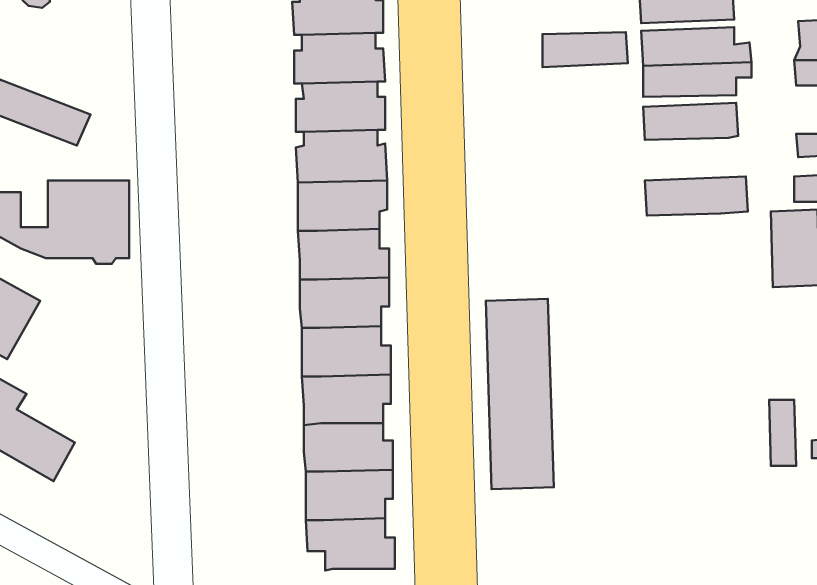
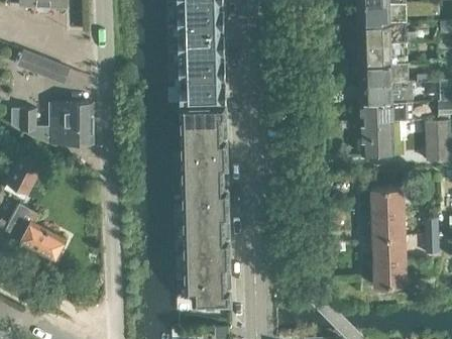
building: [543,32,628,67] -> [360,81,405,99]
building: none -> [361,120,400,153]
building: [486,299,554,489] -> [371,187,407,286]

